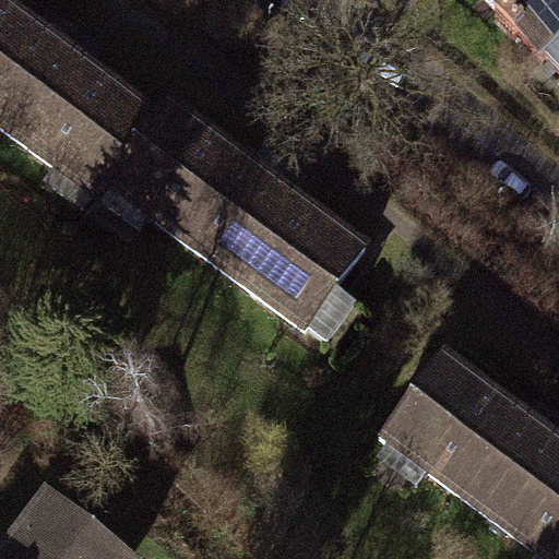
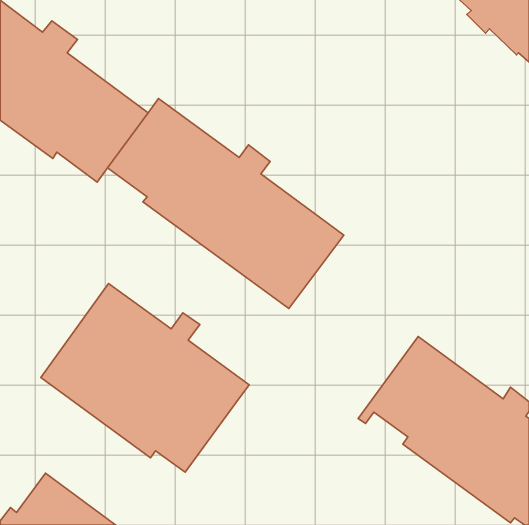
building: none -> [41,283,249,472]

